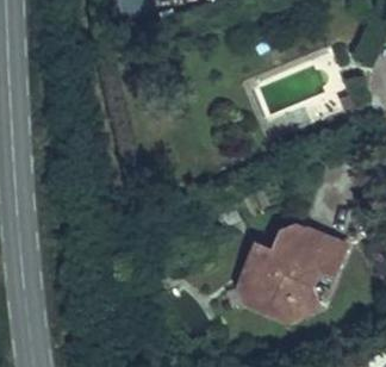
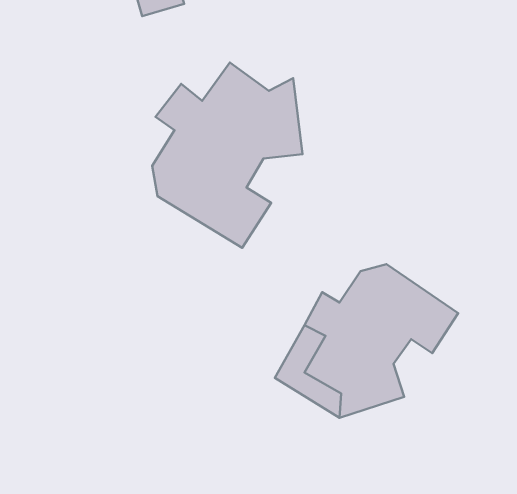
building: none -> [152,63,303,248]

